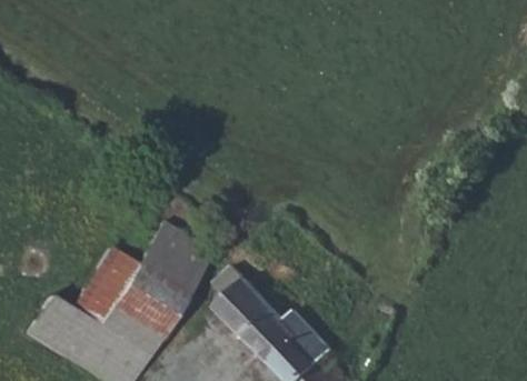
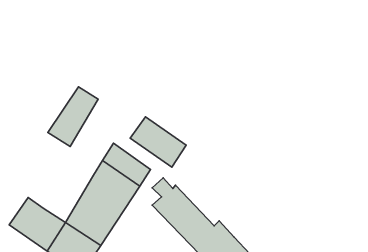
building: none -> [130,117,186,167]
building: [68,250,136,330] -> [48,87,98,146]

